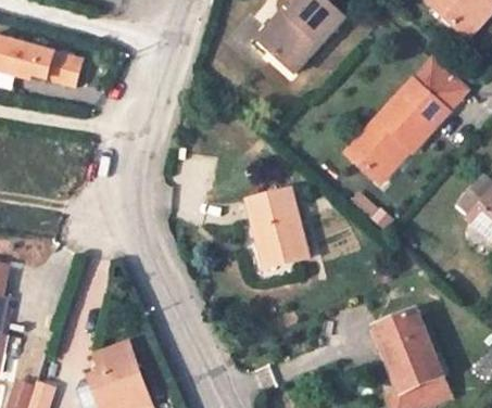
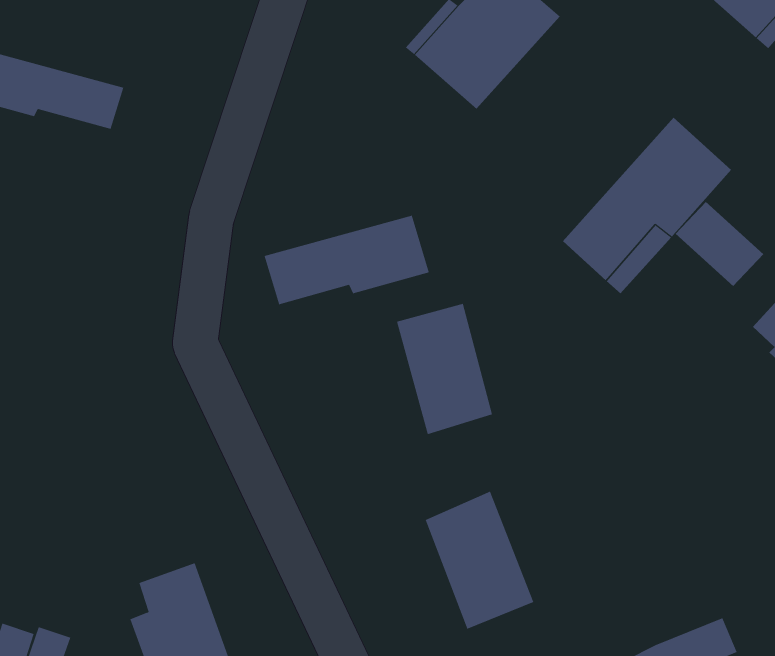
building: [413,59,466,110] -> [675,201,764,287]
building: none -> [264,215,429,305]
building: [377,309,442,392] -> [425,491,534,630]

